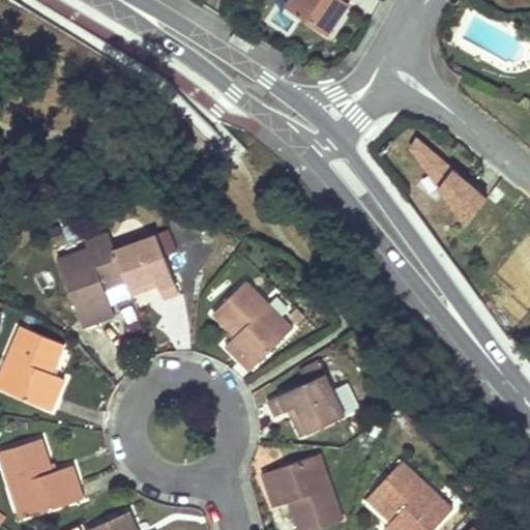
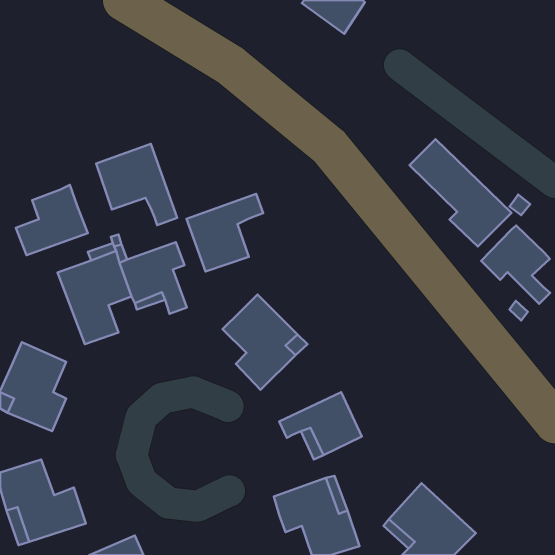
building: none -> [96,144,177,225]
building: none -> [16,185,88,255]
building: none -> [186,194,263,272]
building: none -> [481,226,550,304]

